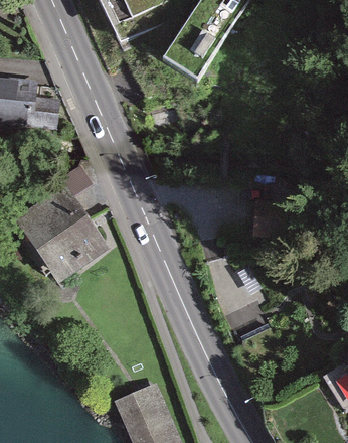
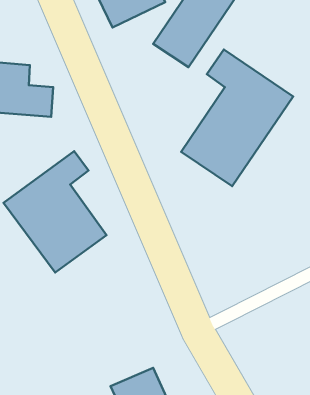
building: none -> [181,49,293,186]

